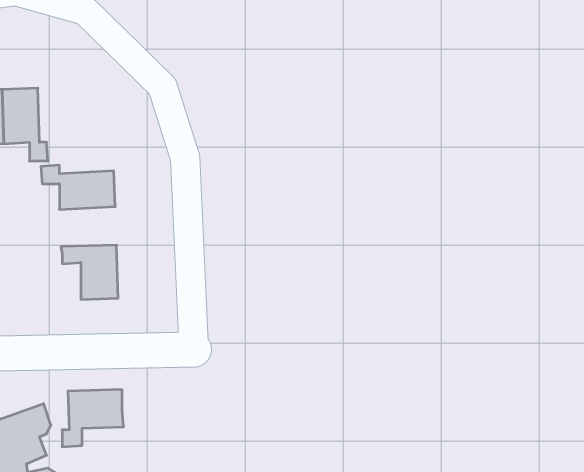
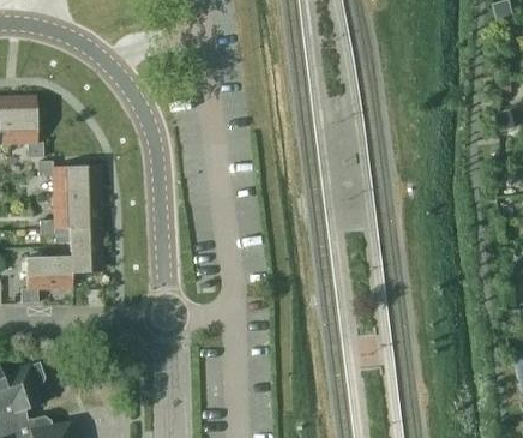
building: none -> [37,196,100,236]
building: [62,390,124,447] -> [19,257,71,305]

